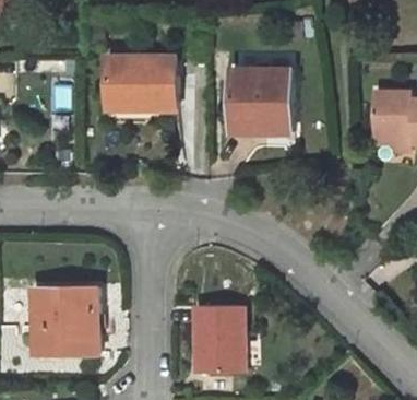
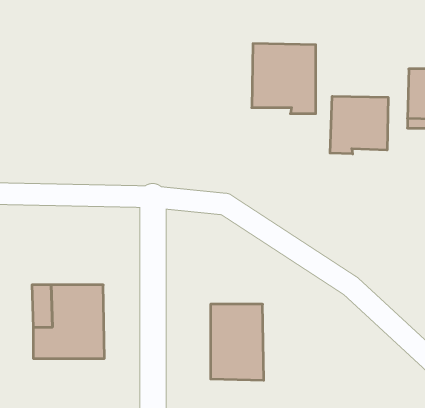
building: [106,58,174,109] -> none
building: none -> [330,96,388,154]

